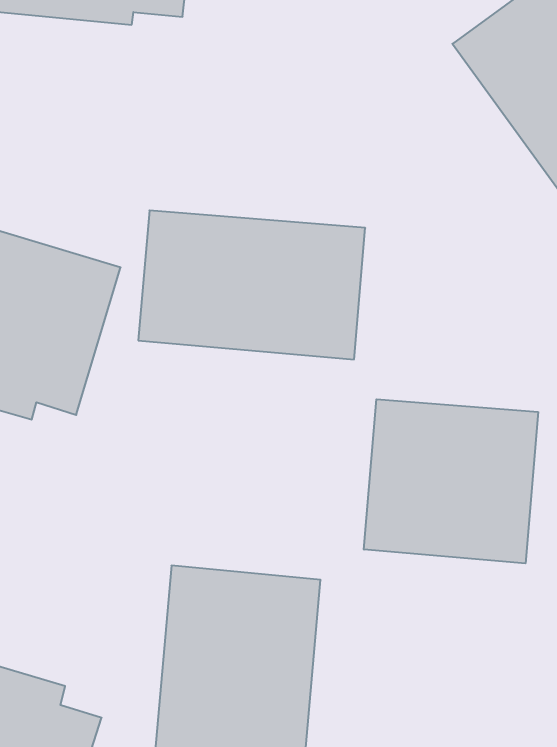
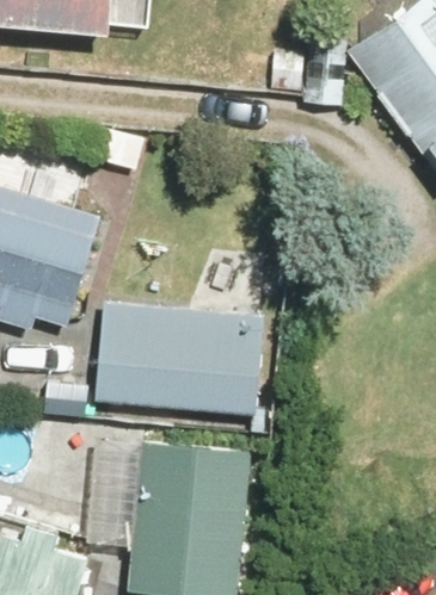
building: [138,210,365,359] -> [94,304,265,416]
building: [364,399,538,563] -> none

